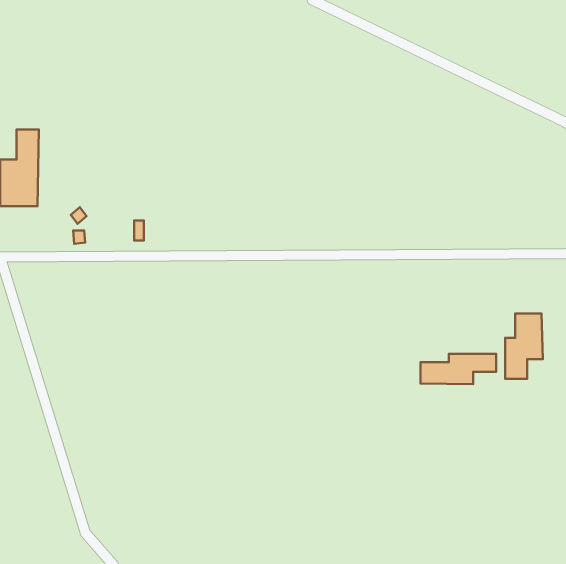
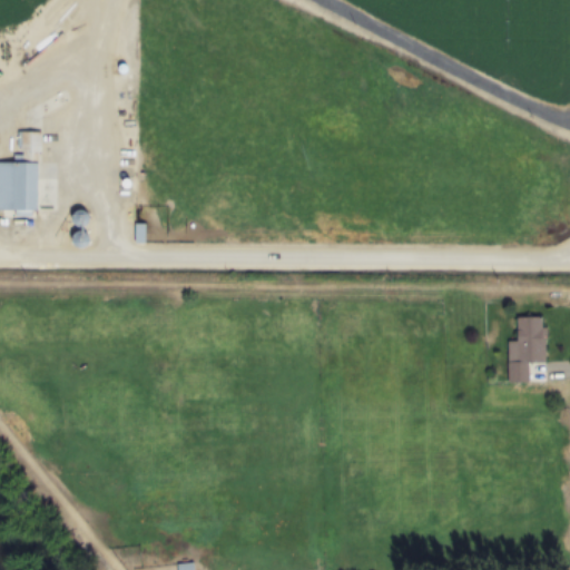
building: [420,354,496,384] -> none

